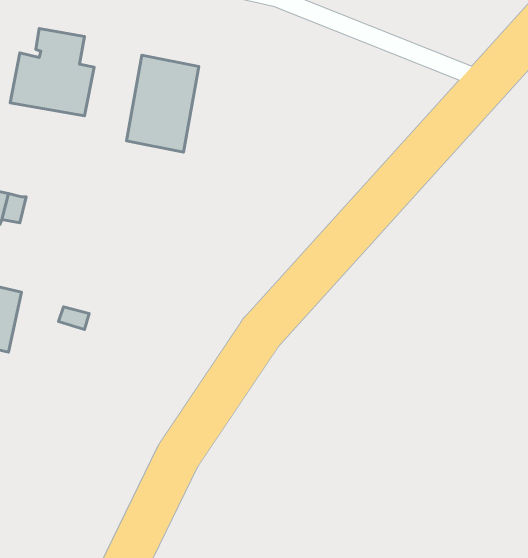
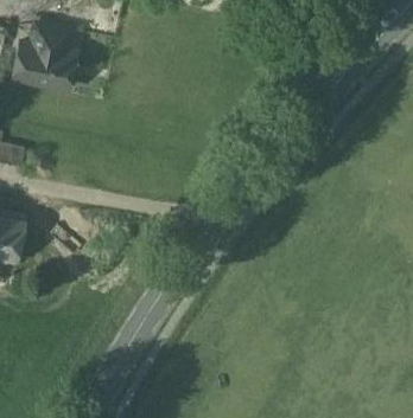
building: [126,55,199,152] -> none

